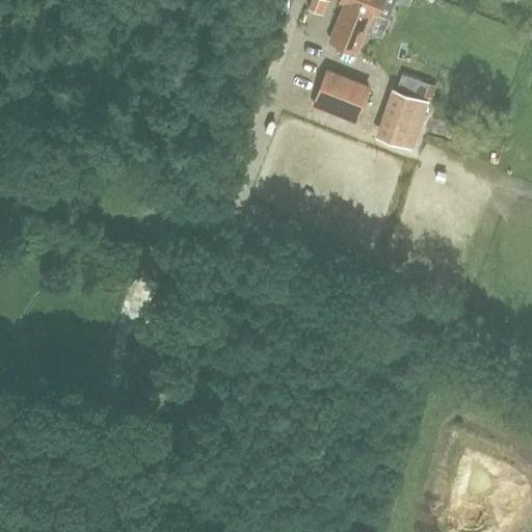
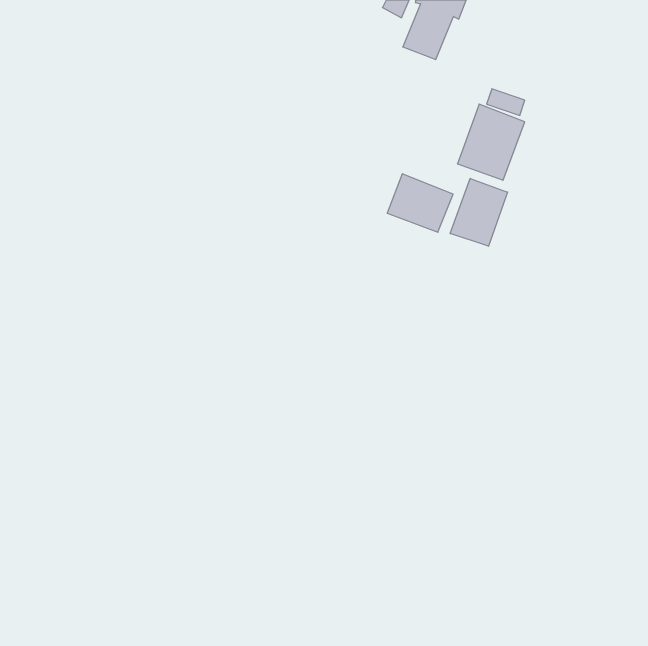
building: [314,74,368,122] -> [387,174,453,232]
building: none -> [450,178,508,246]

